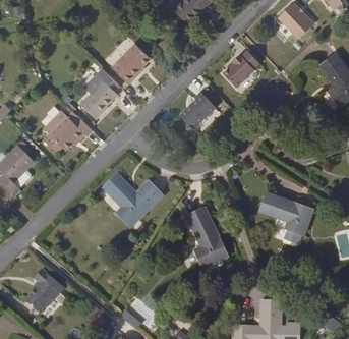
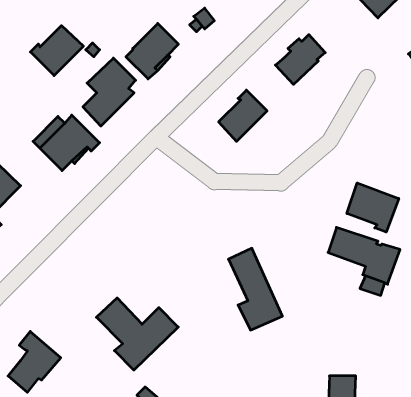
building: none -> [30,26,83,76]
building: none -> [347,183,399,232]
building: [103,174,163,227] -> [96,298,178,370]

